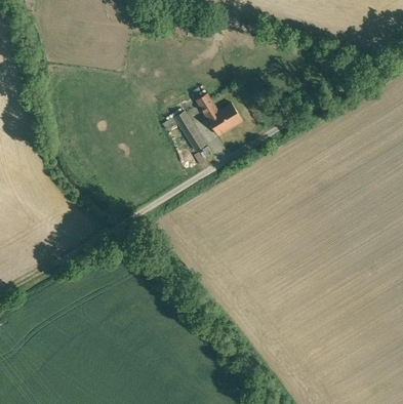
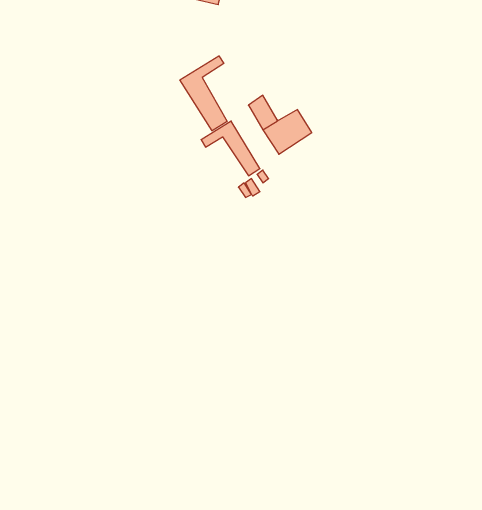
building: none -> [180,56,227,131]

